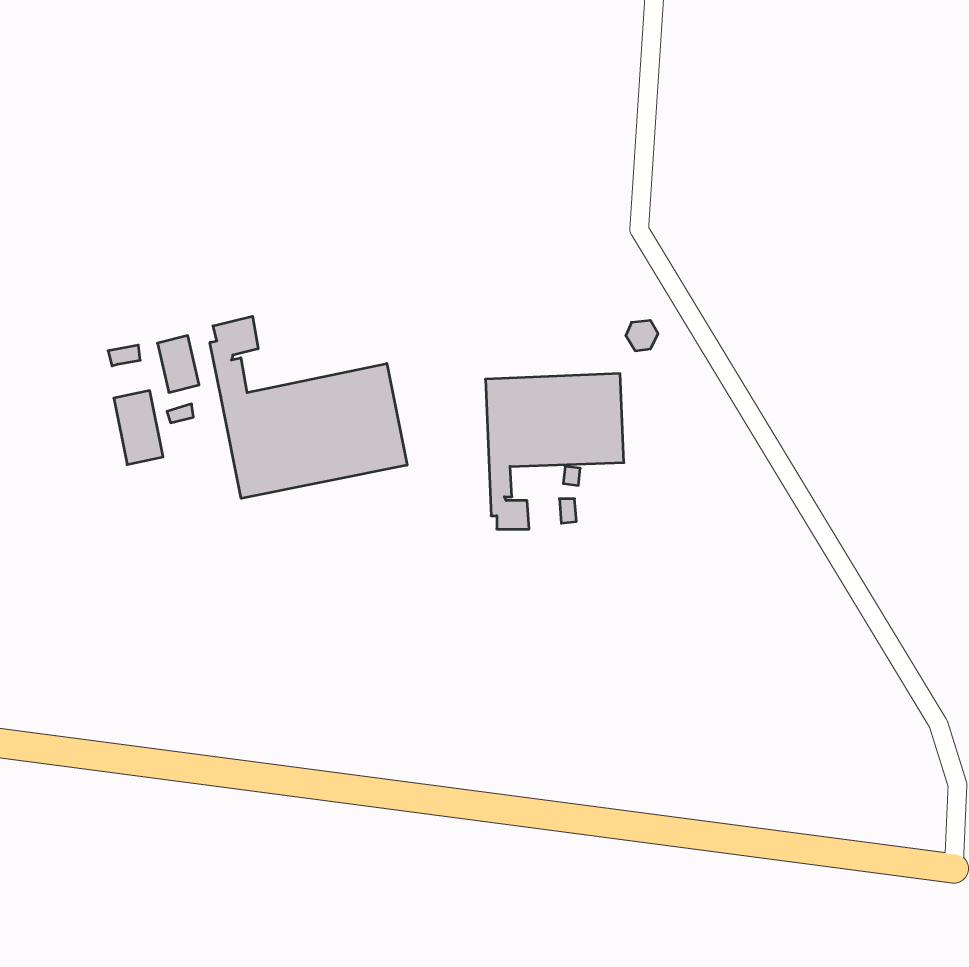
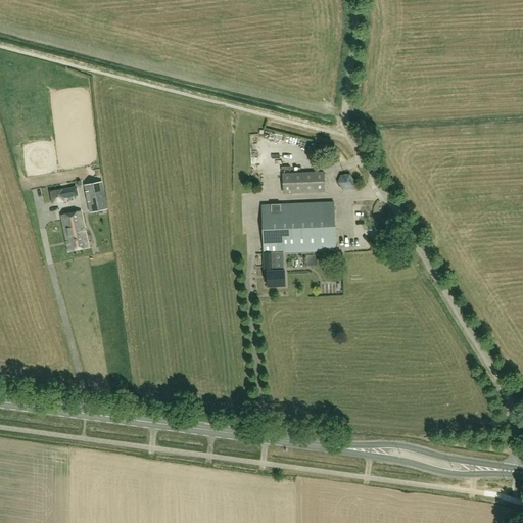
building: [210,316,407,498] -> none
building: none -> [283,171,325,192]

